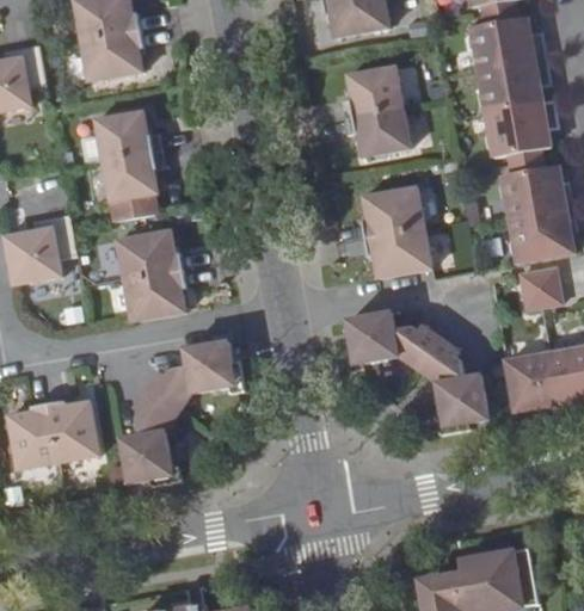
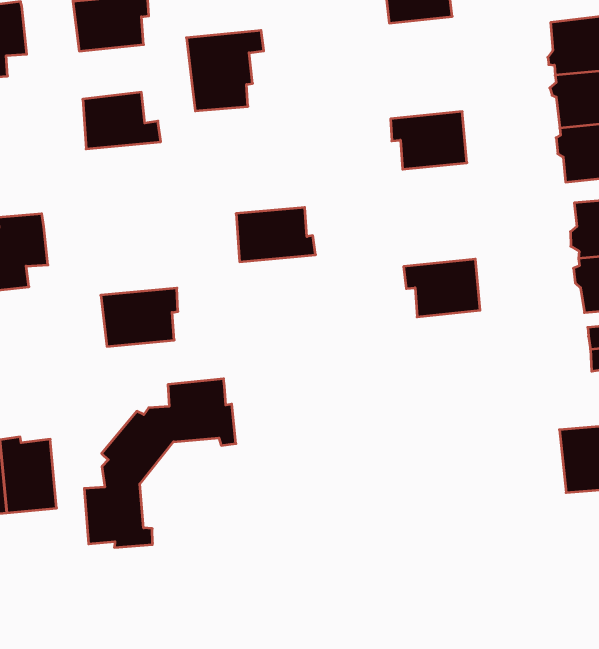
building: [343,66,405,116] -> none
building: [98,149,162,220] -> [186,30,264,111]
building: [364,186,425,236] -> none
building: [113,230,182,279] -> [236,207,316,262]
building: [344,310,494,433] -> none

